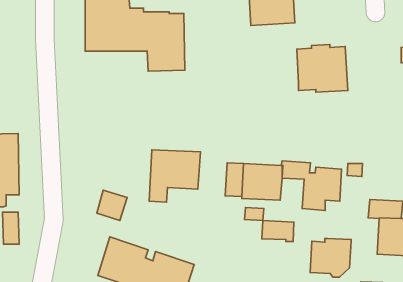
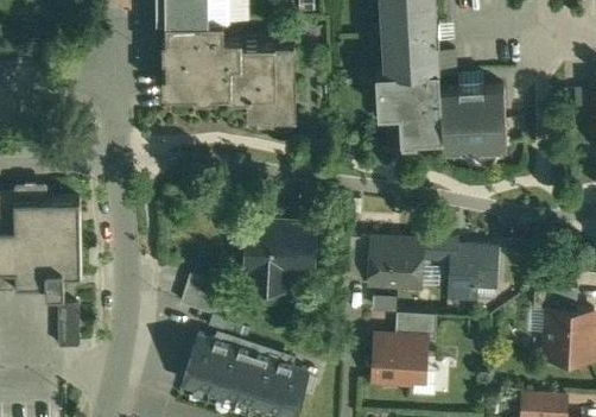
building: none -> [378,71,443,140]
building: [310,239,351,277] -> [373,340,426,390]

